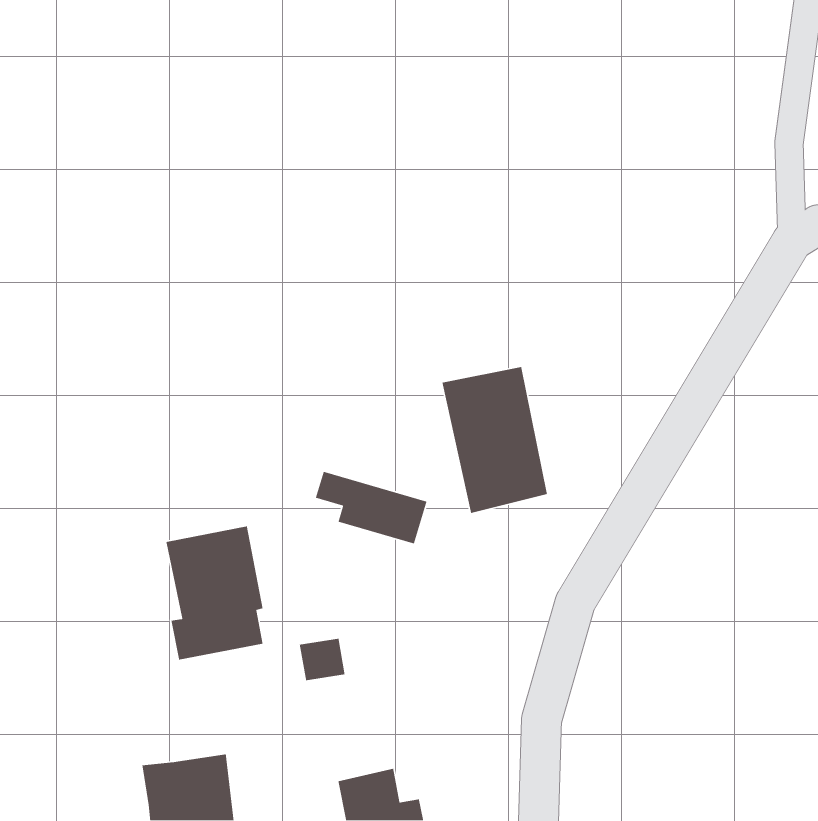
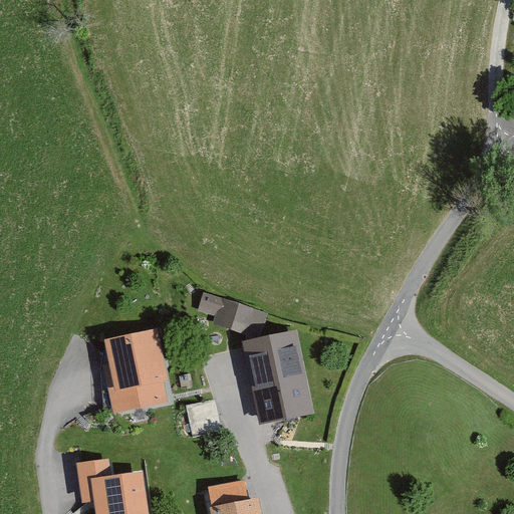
building: [442,366,548,514] -> [246,333,312,426]
building: none -> [74,460,108,504]

